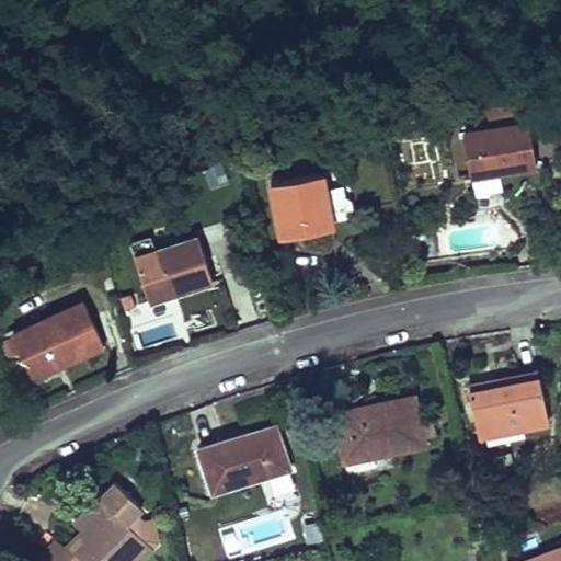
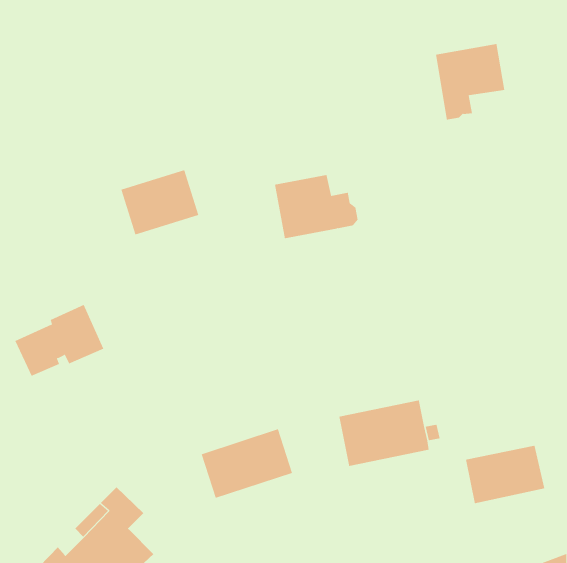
building: [465,124,534,199] -> [435,43,505,120]
building: [135,240,213,305] -> [120,170,199,235]
building: [470,381,549,439] -> [465,445,545,504]

